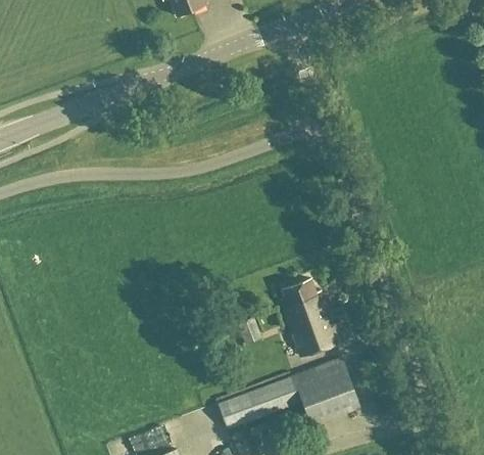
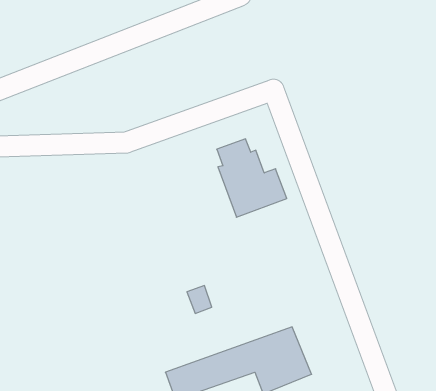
building: [281,278,350,356] -> [217,139,287,217]

